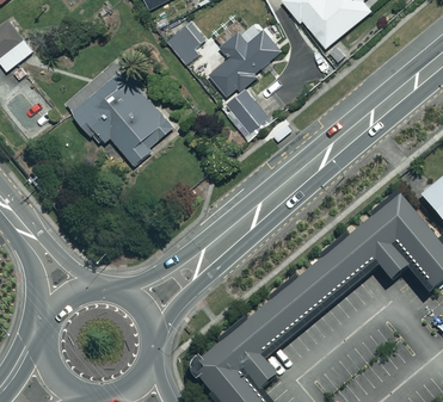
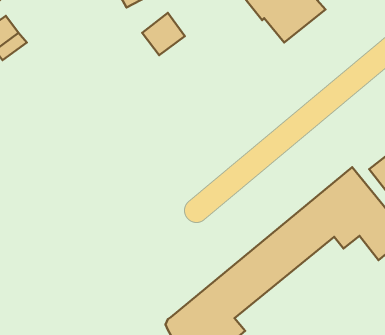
building: [208,27,283,97] -> none
building: [64,57,176,163] -> none
building: [224,89,267,132] -> none

